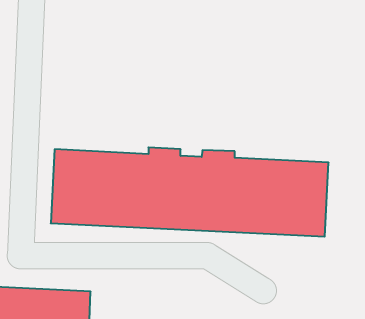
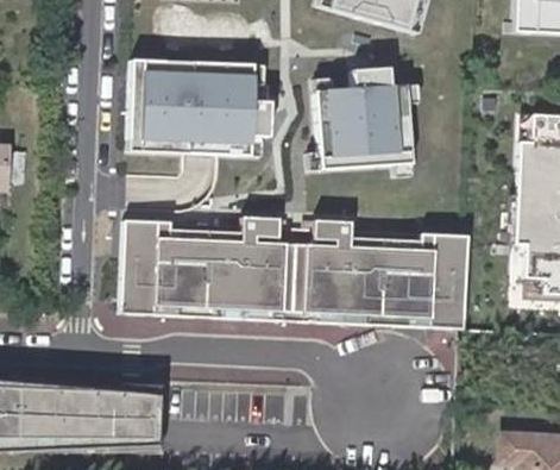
building: none -> [126,59,269,155]
building: none -> [314,68,410,170]

